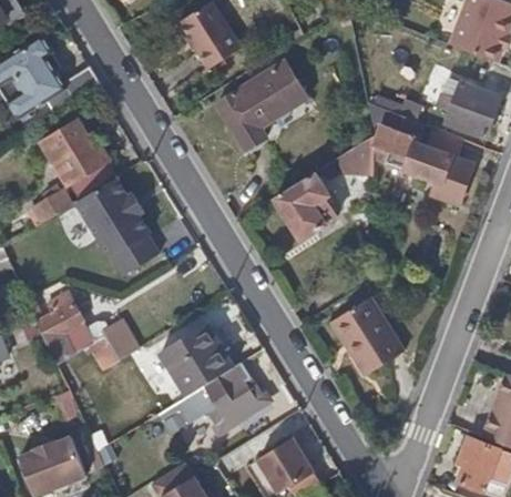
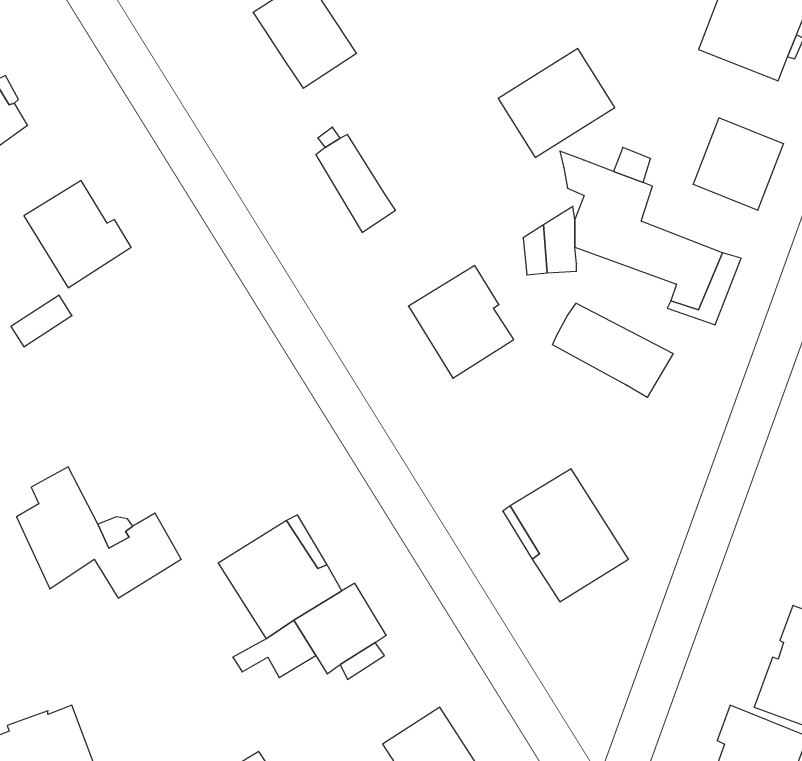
building: [237,63,307,129] -> [498,48,615,157]
building: [75,179,161,277] -> none
building: none -> [553,303,673,397]

